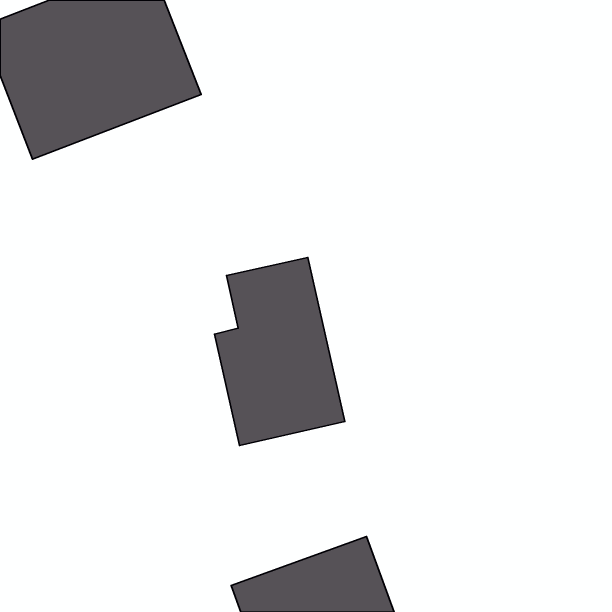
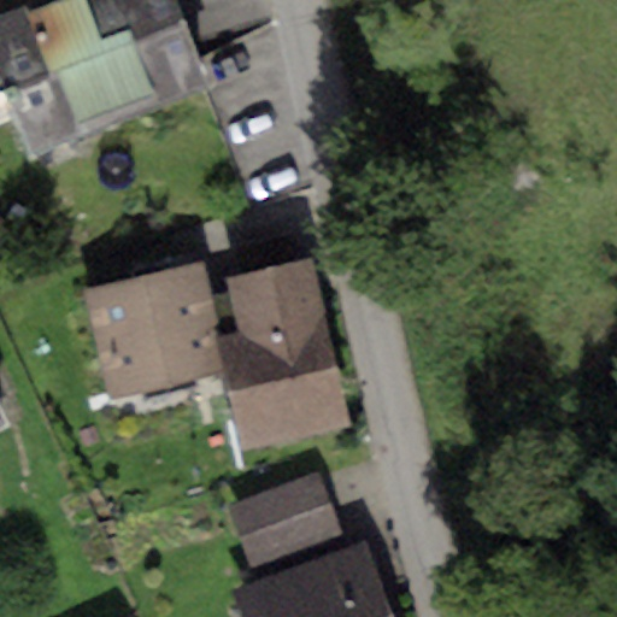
building: none -> [81,266,224,400]
building: none -> [230,477,339,566]

